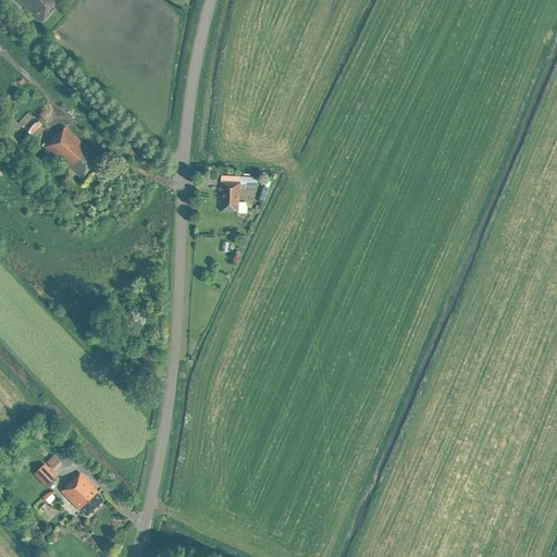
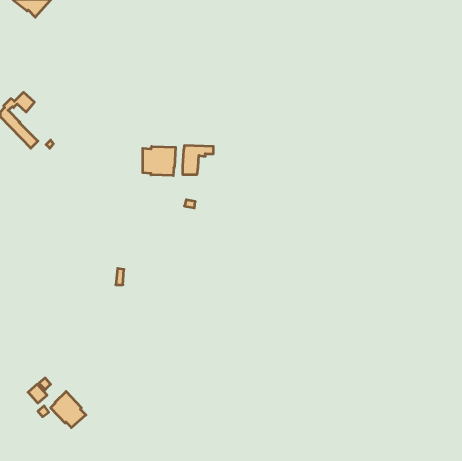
building: [44,126,97,177] -> none
building: none -> [143,146,176,176]

